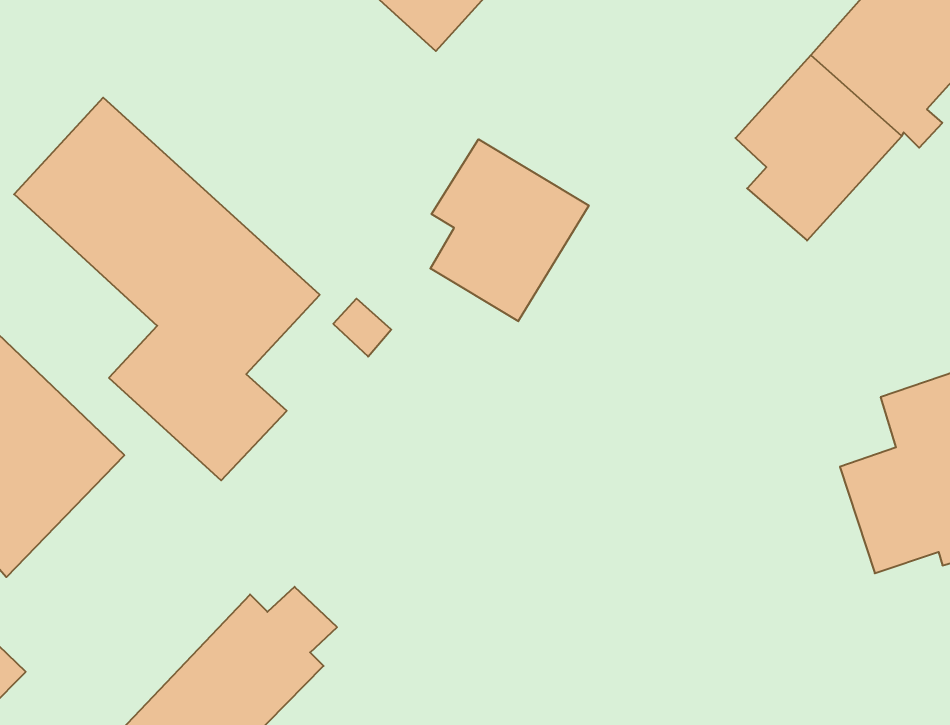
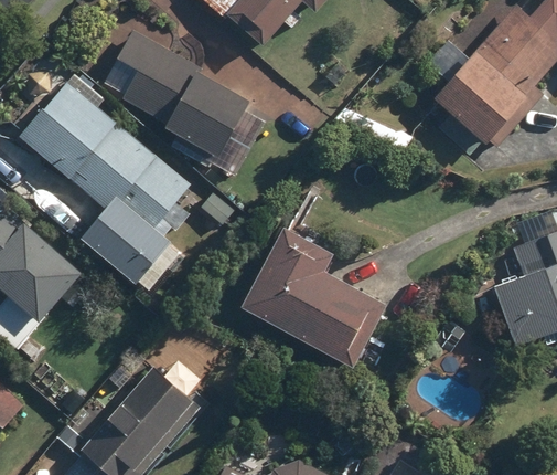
building: none -> [104,30,250,169]
building: [430,139,589,321] -> none
building: none -> [237,224,384,370]

